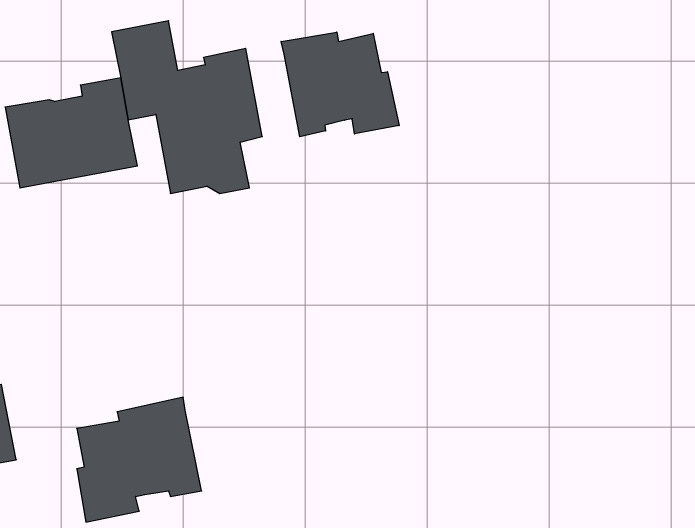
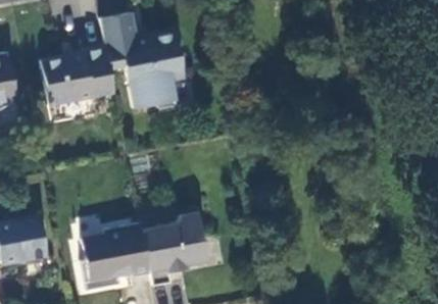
building: [281,32,399,137] -> none
building: none -> [140,211,206,286]

